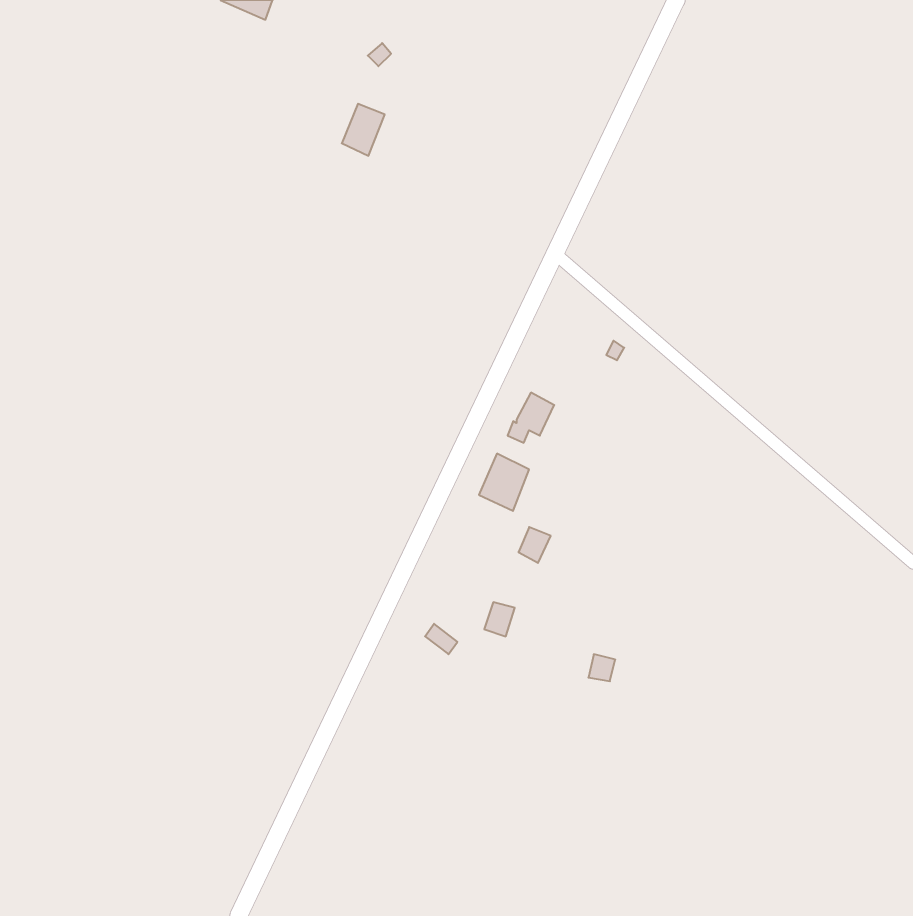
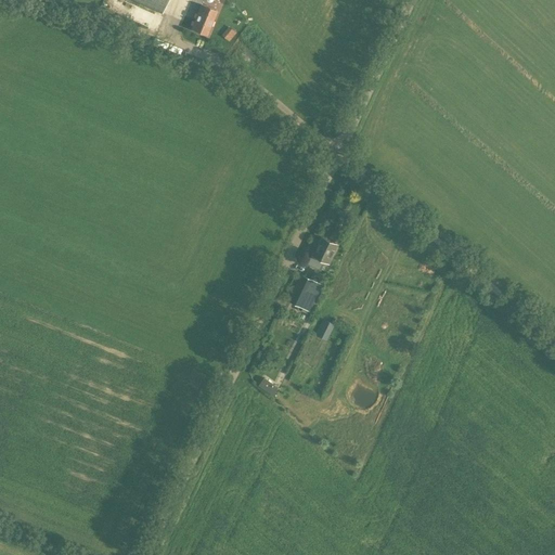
building: [342,104,385,156] -> [189,4,215,36]

